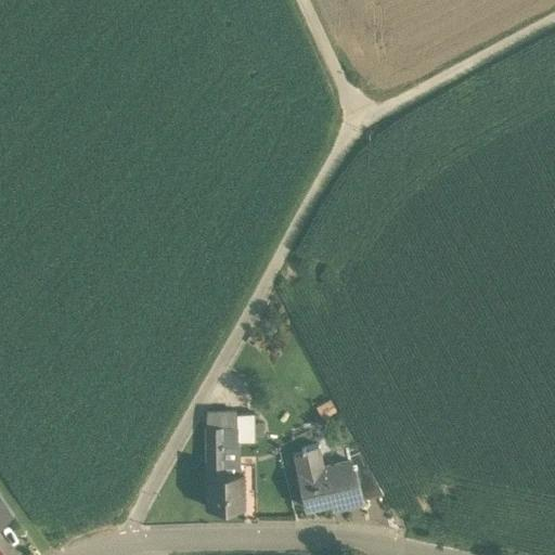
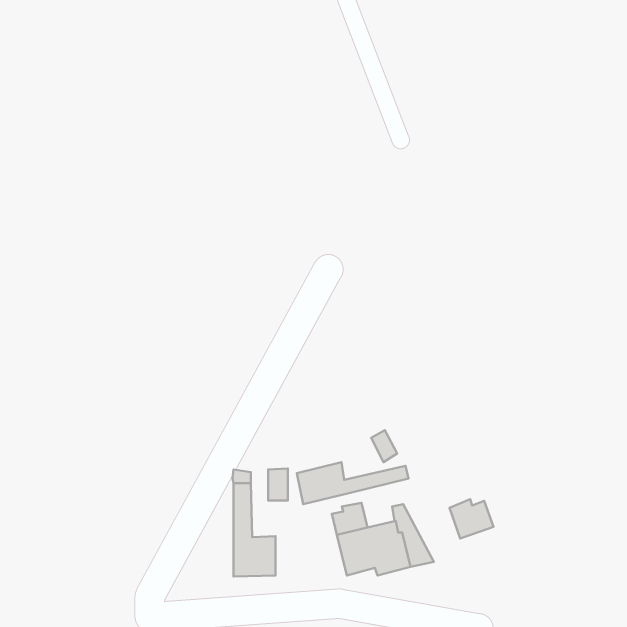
building: none -> [297,462,409,504]
building: none -> [450,499,493,539]

